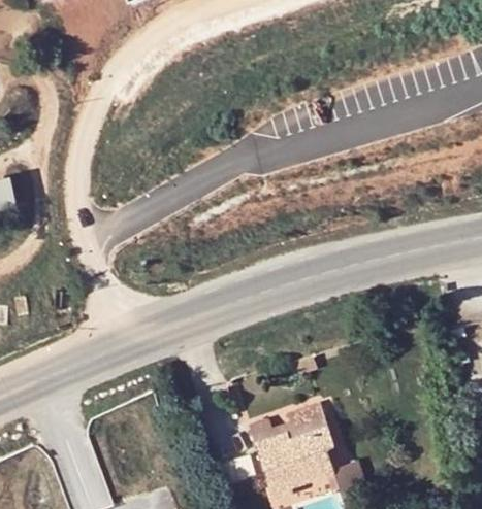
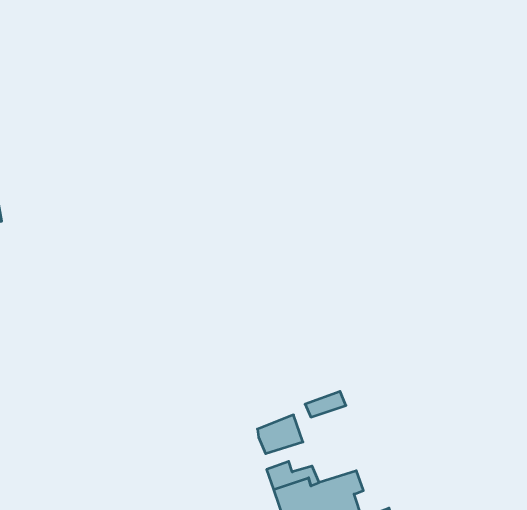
building: [288,405,328,439] -> [257,415,303,454]

